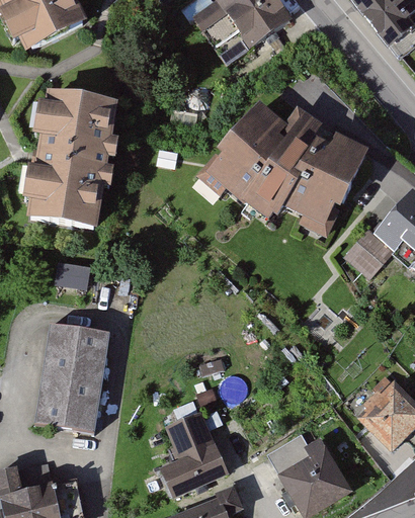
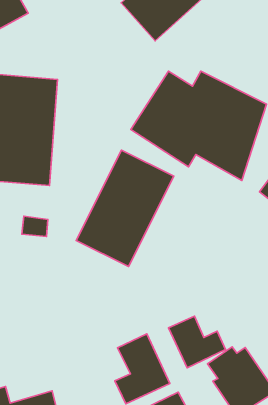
building: none -> [76,150,174,266]
building: [35,324,113,435] -> none
building: none -> [169,316,225,368]

